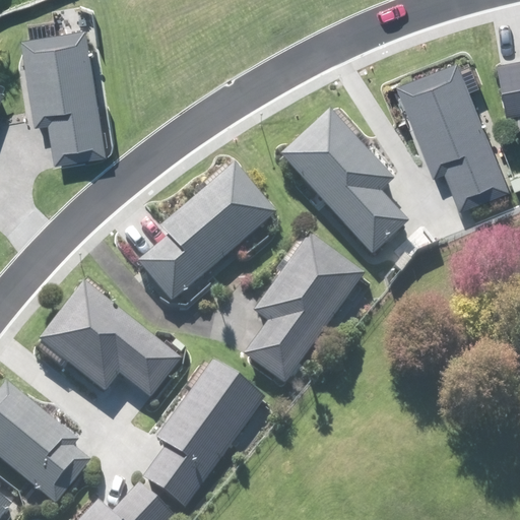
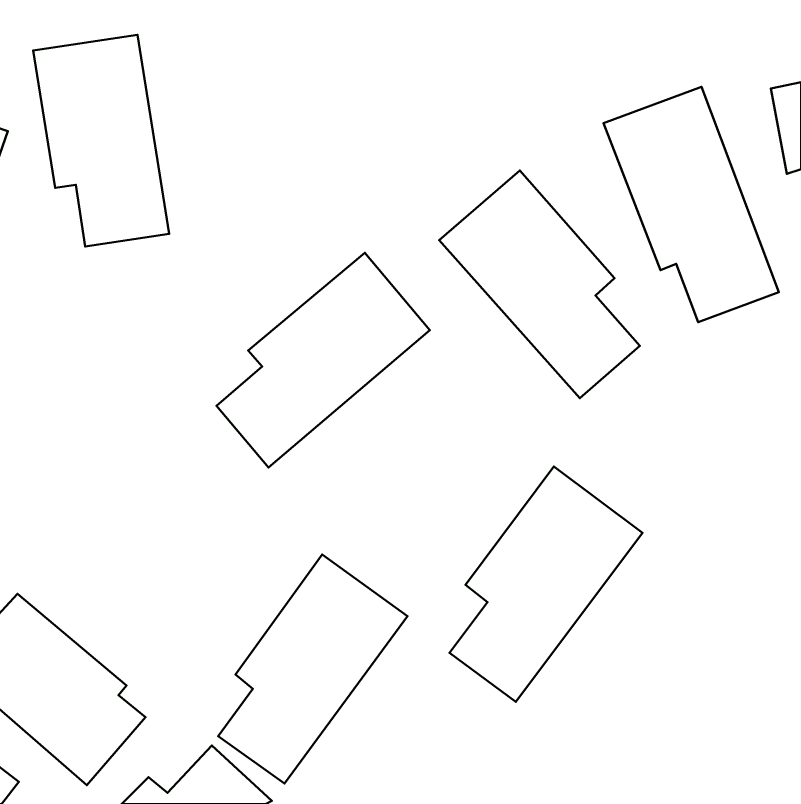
building: [243,233,367,384] -> [450,466,642,702]
building: [39,280,183,398] -> none

